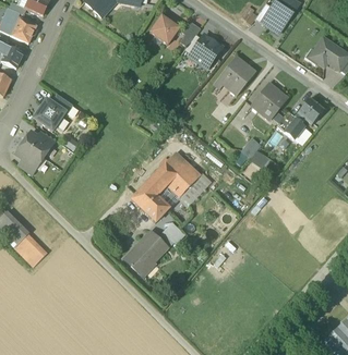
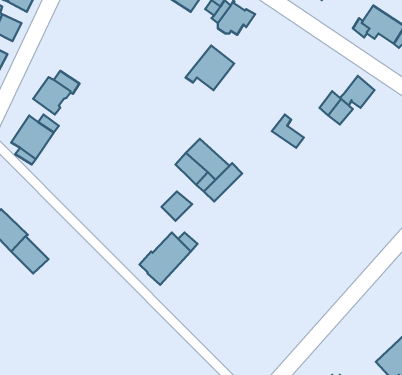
building: [213,57,254,95] -> [185,45,234,90]
building: [250,83,287,120] -> none
building: [130,173,166,209] -> none

